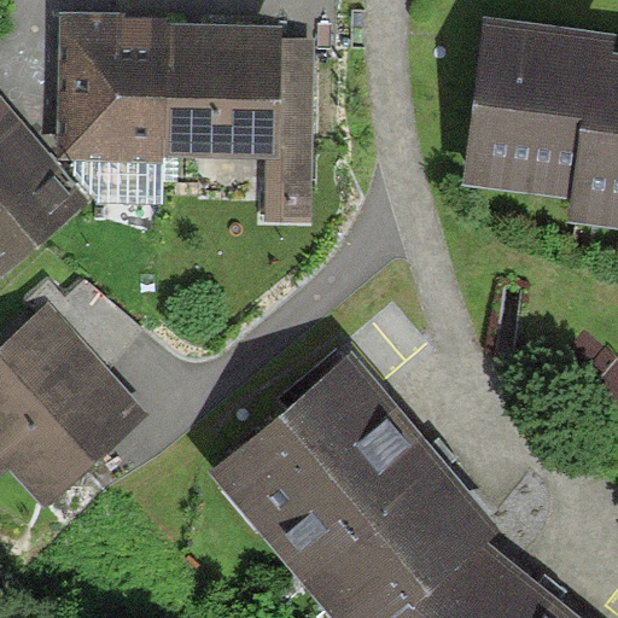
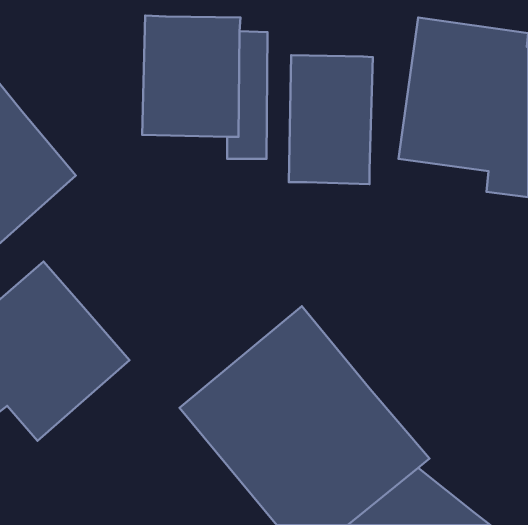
building: [57,10,169,163] -> none
building: none -> [289,55,373,184]

